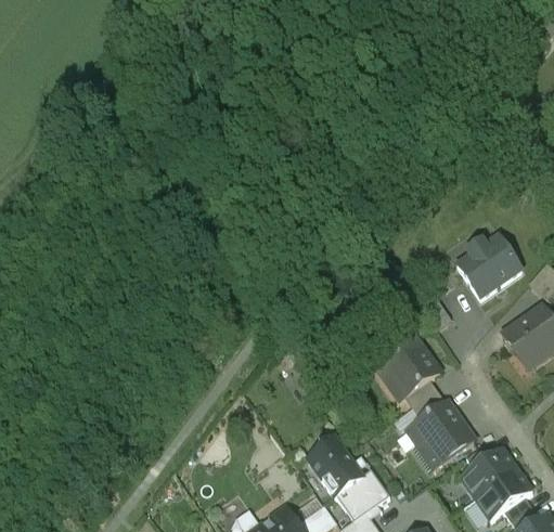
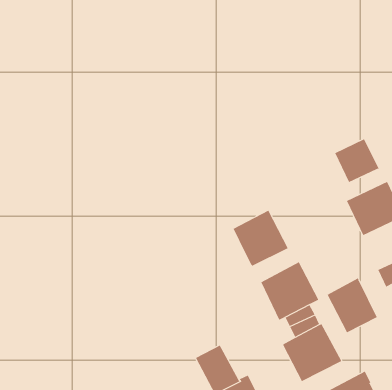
building: none -> [334,139,379,183]
building: none -> [233,210,289,267]
building: none -> [327,278,378,333]

